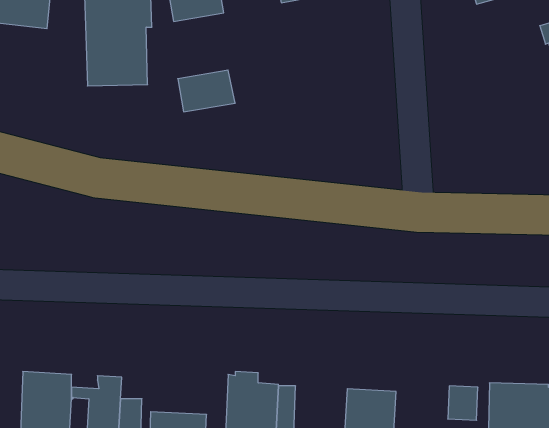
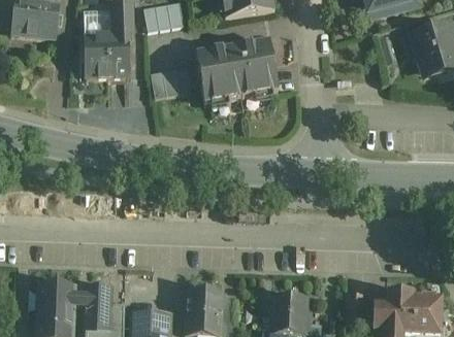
building: none -> [195,41,277,103]

